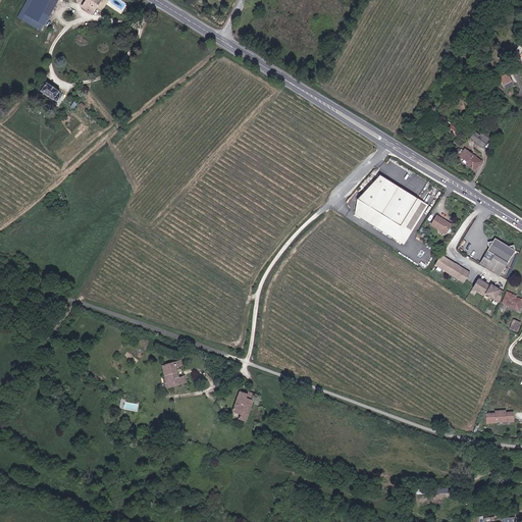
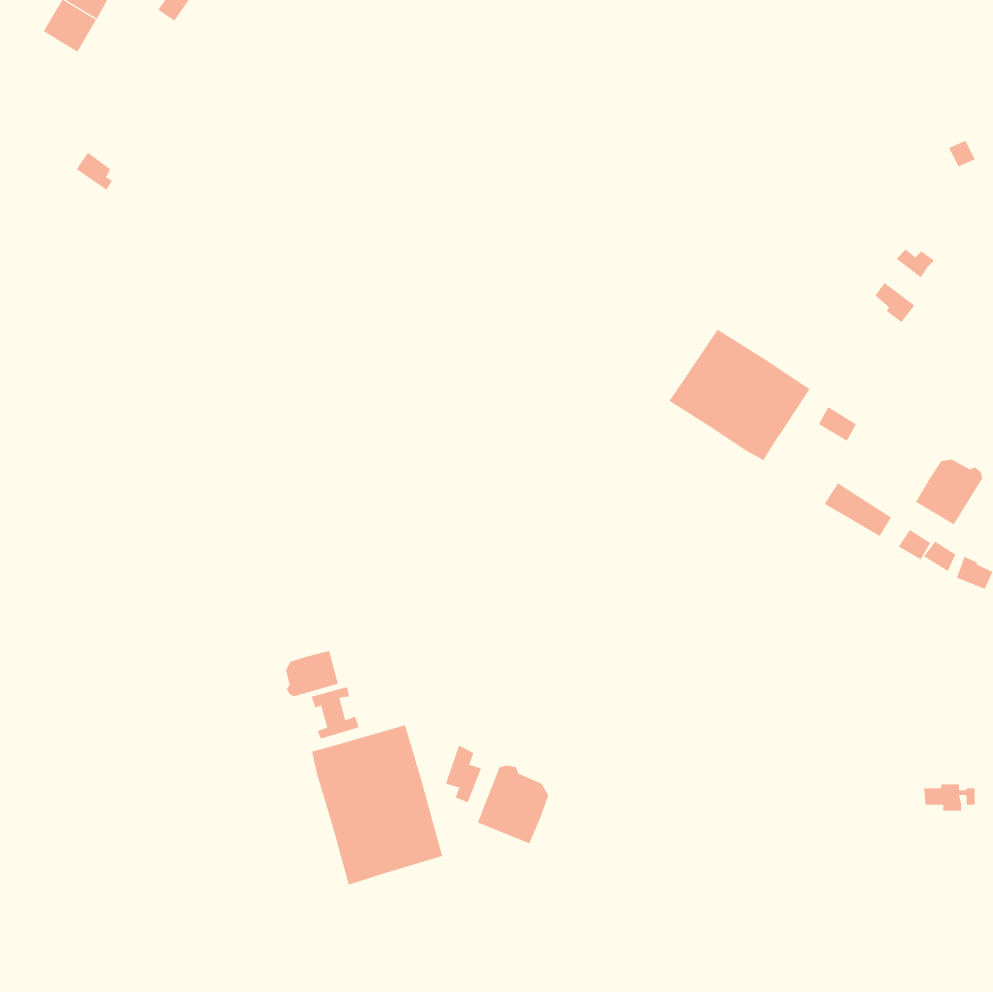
building: none -> [286,650,339,697]
building: none -> [312,724,443,886]
building: none -> [477,765,549,844]

